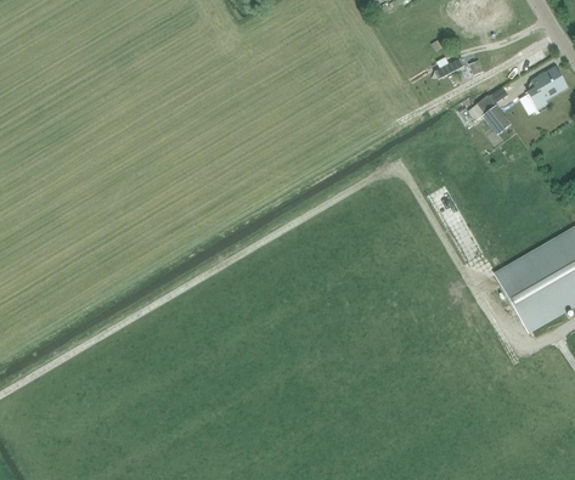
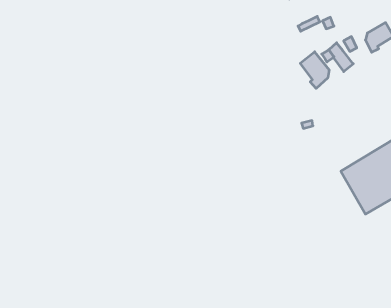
building: none -> [300,52,329,88]

